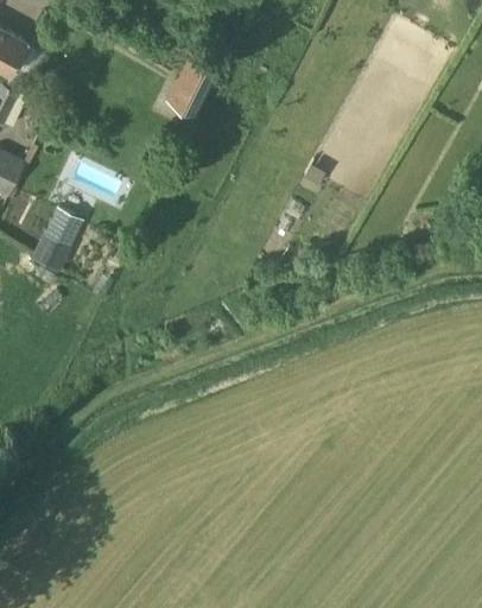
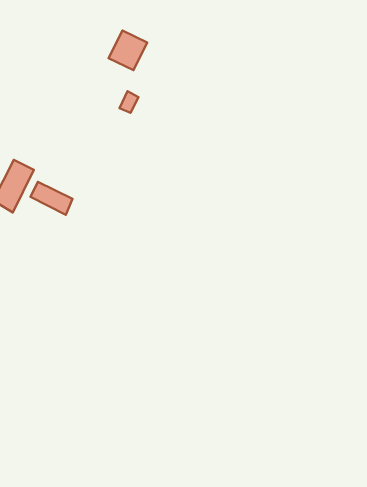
building: none -> [30,182,72,215]

